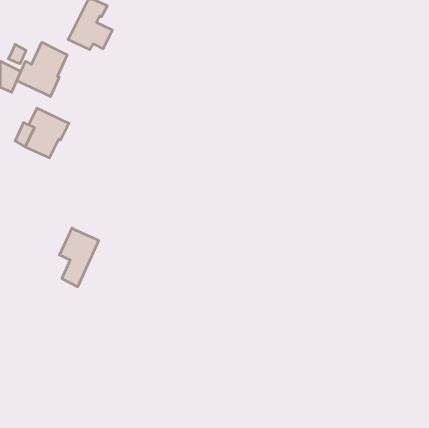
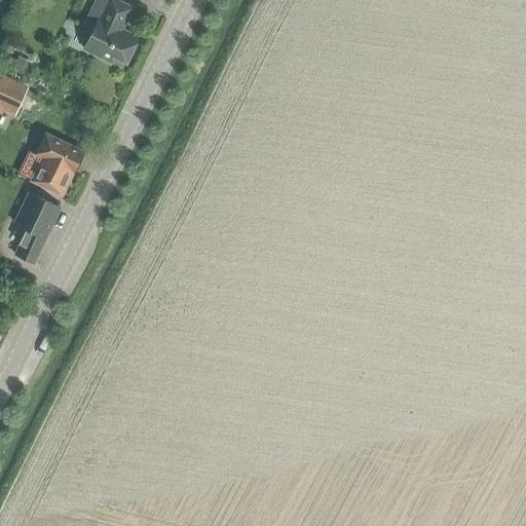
building: [17,42,67,97] -> none
building: [59,228,99,287] -> [11,191,60,263]

